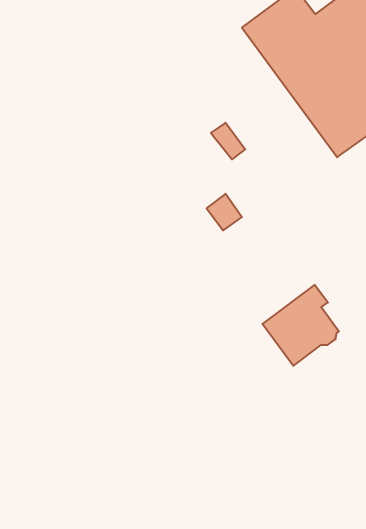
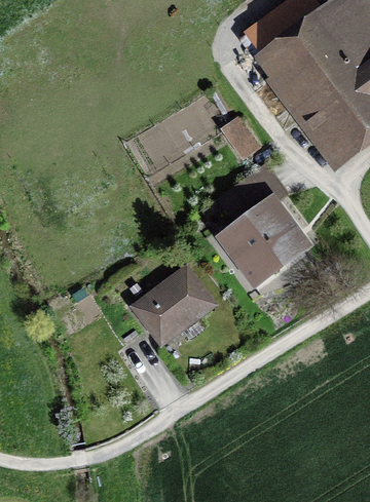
building: none -> [131,270,210,345]
building: [262,285,339,366] -> [225,204,296,279]

